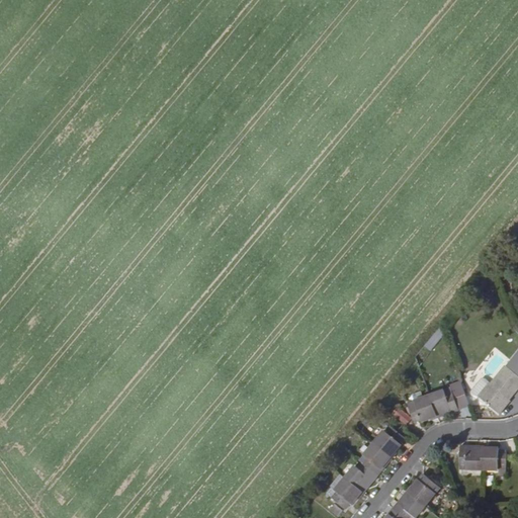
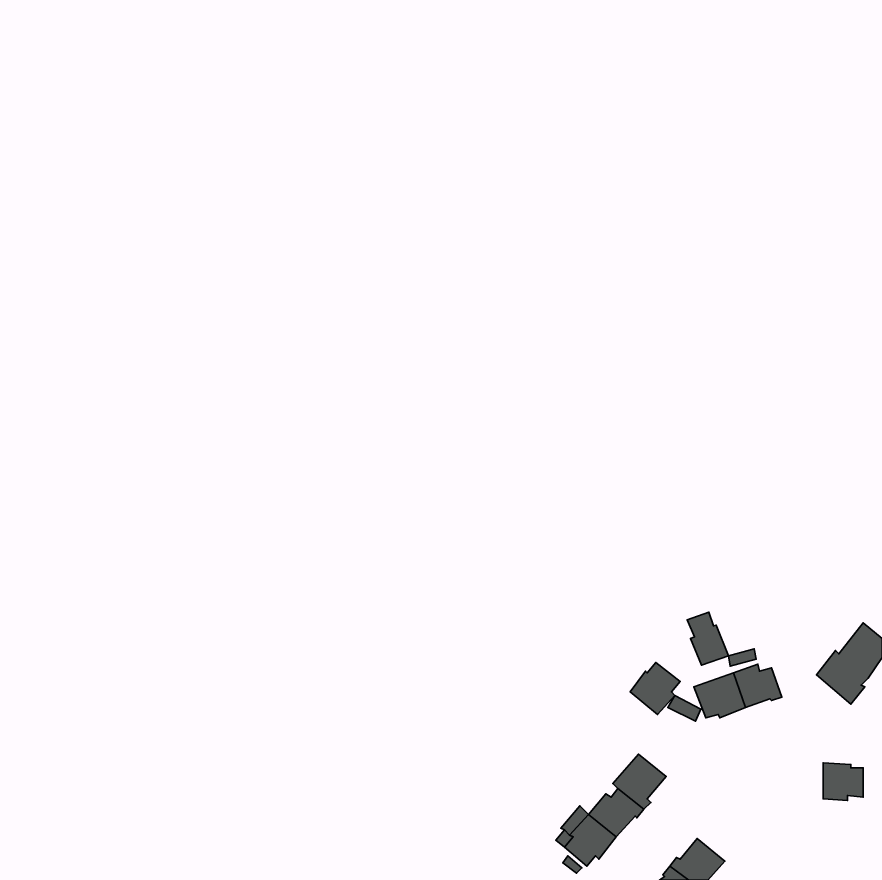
building: none -> [687,612,728,665]
building: [374,425,404,455] -> [630,663,680,714]
building: [458,445,483,468] -> none
building: [409,473,440,505] -> none

